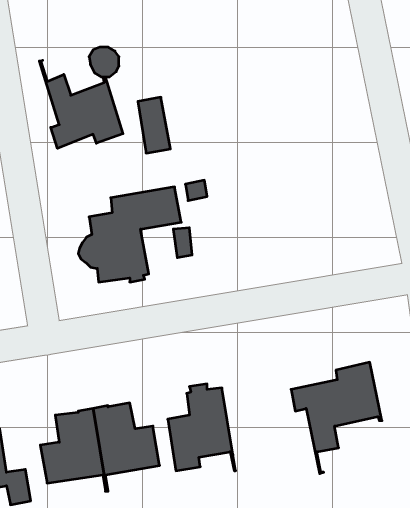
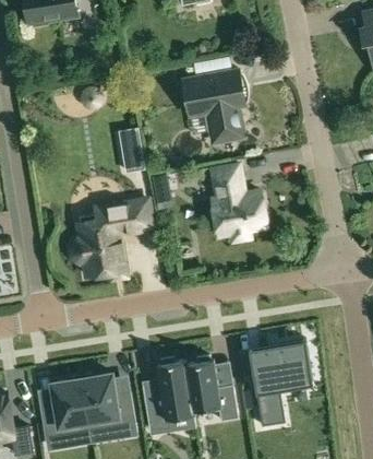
building: none -> [183,69,243,139]
building: [39,60,123,148] -> none
building: none -> [212,164,267,240]
building: none -> [185,356,238,421]

